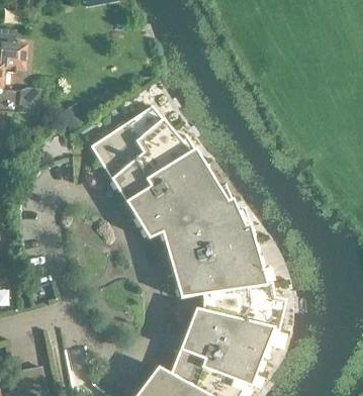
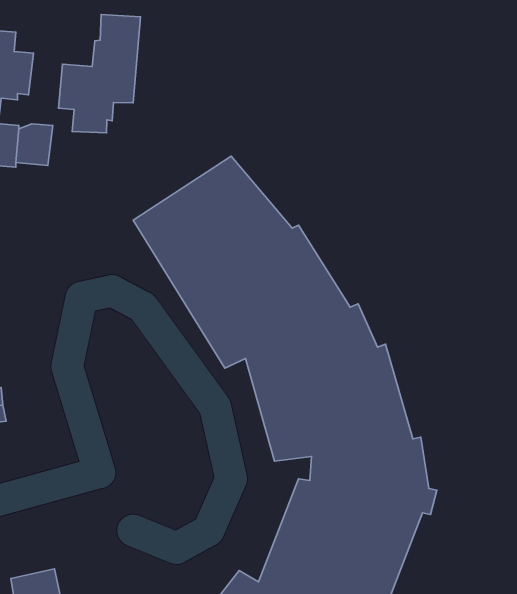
building: none -> [59,14,140,133]

